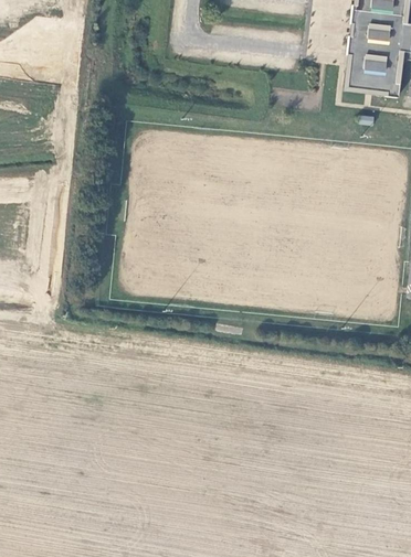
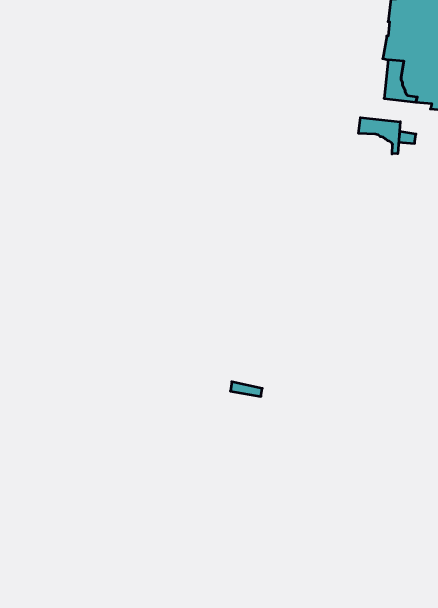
building: none -> [359,118,400,154]

